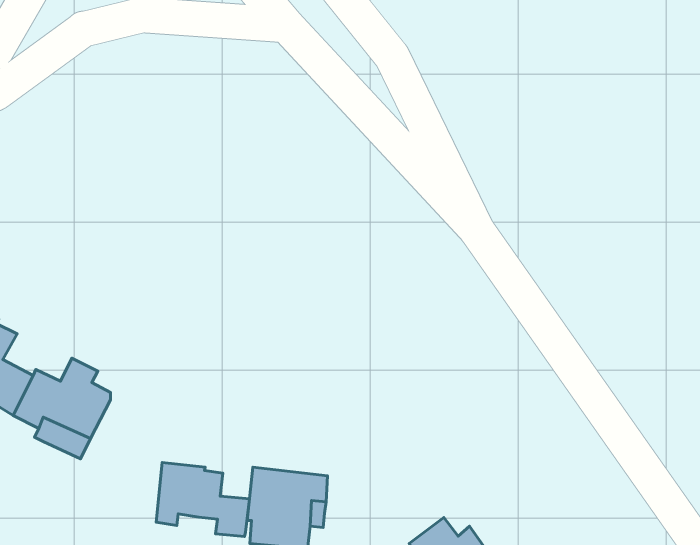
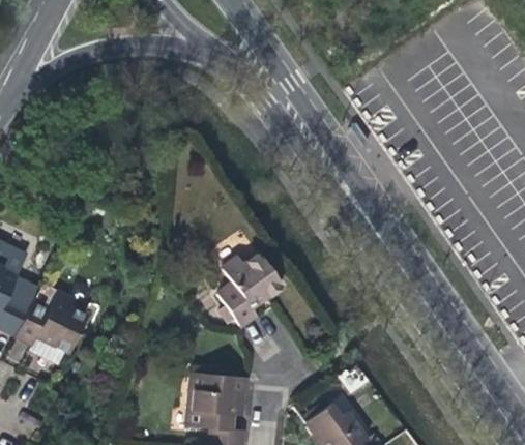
building: none -> [225,253,288,323]
building: [156,462,249,537] -> none

